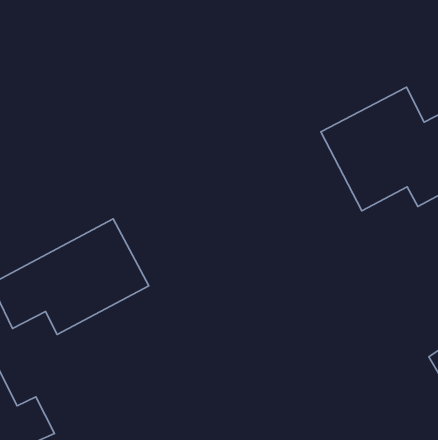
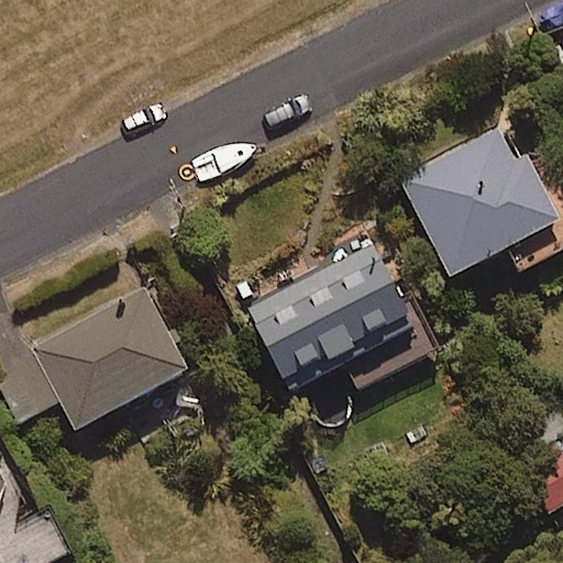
building: none -> [238,224,441,399]

